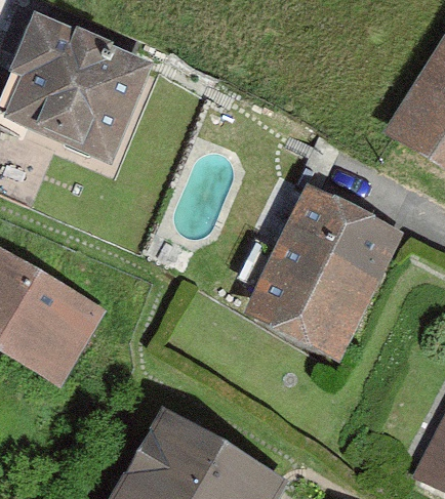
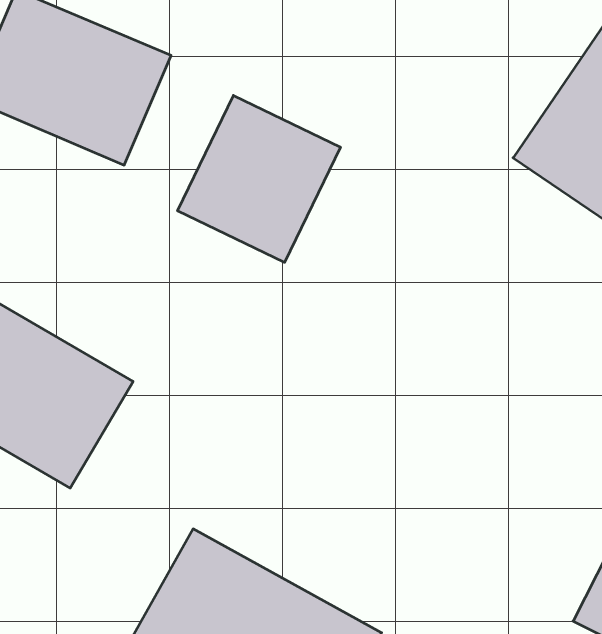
building: none -> [178,95,340,262]
building: [247,184,404,359] -> none

